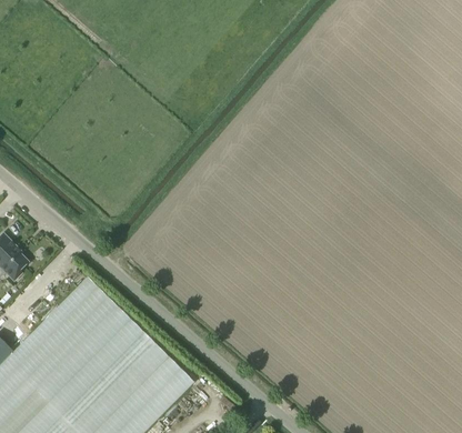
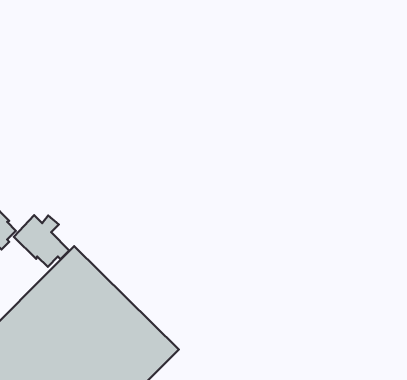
building: none -> [14,215,69,267]

